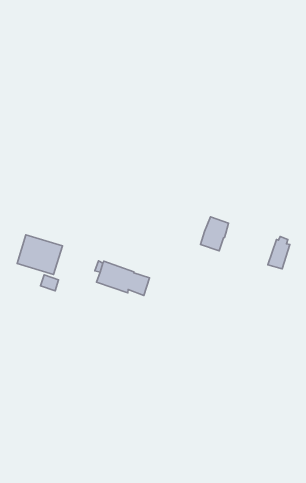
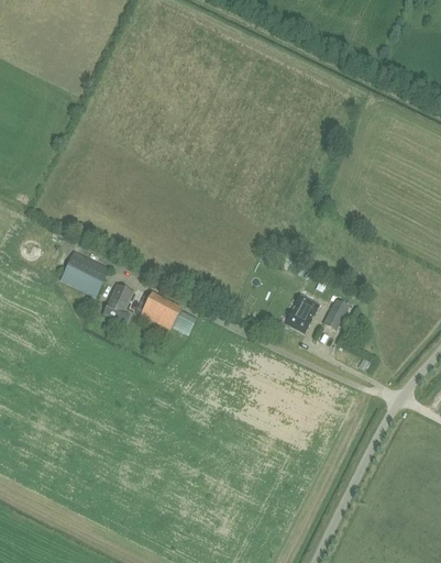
building: [200,217,228,251] -> [286,295,319,332]
building: none -> [104,284,133,320]

